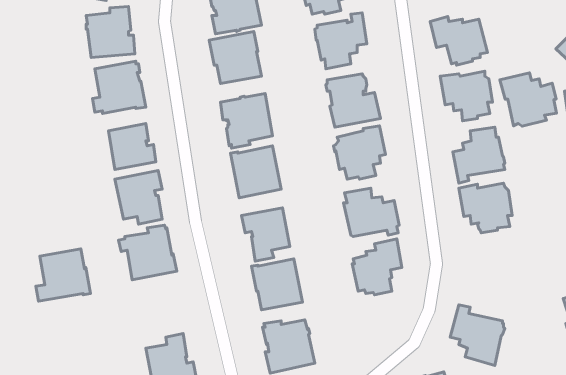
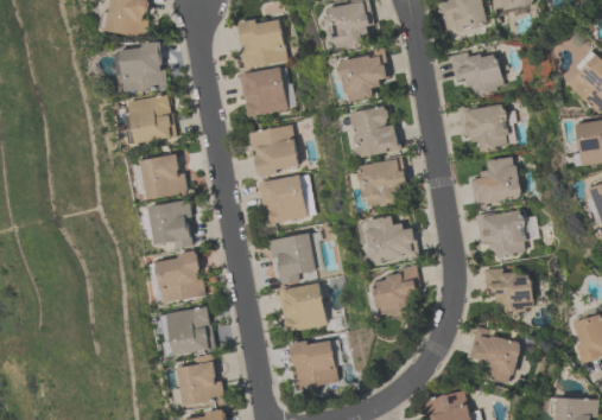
building: [500,73,556,126] -> none
building: none -> [482,268,531,314]
building: [36,249,91,301] -> [163,306,215,356]

